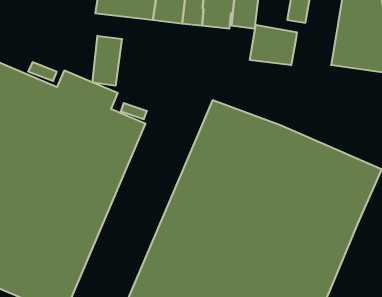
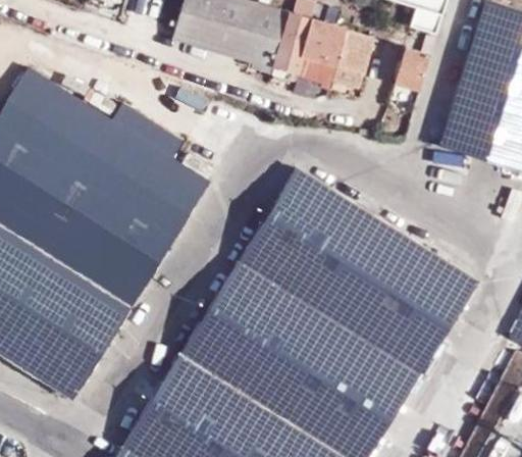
building: [250,25,297,65] -> none
building: [93,36,122,86] -> none

